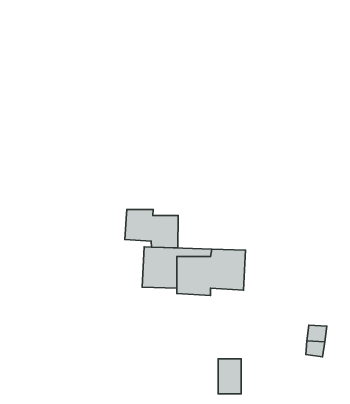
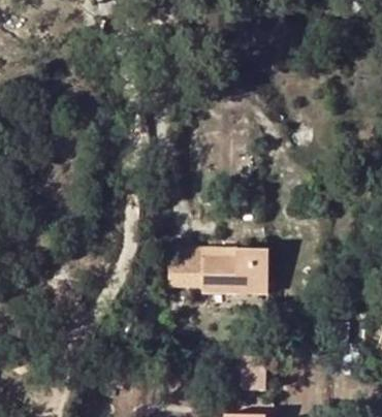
building: [125,209,178,248] -> none

